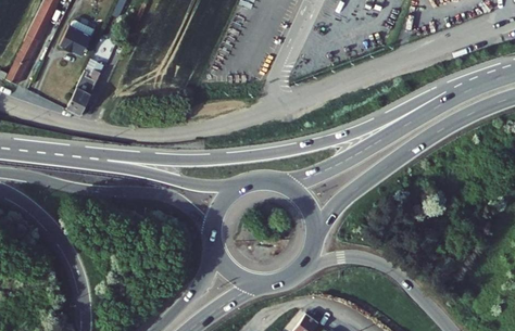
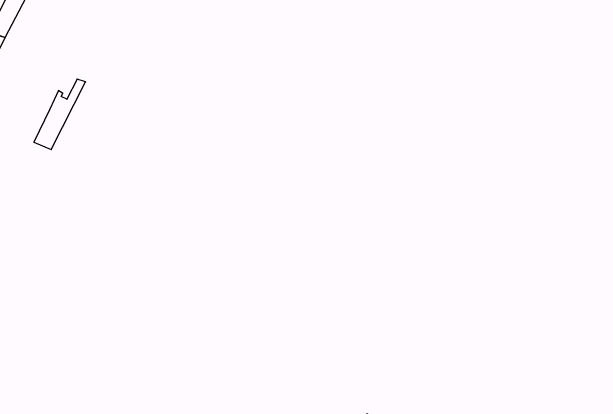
building: [53,23,87,54] -> none

